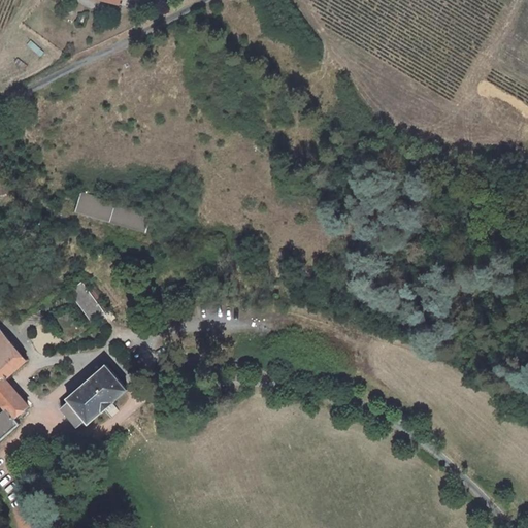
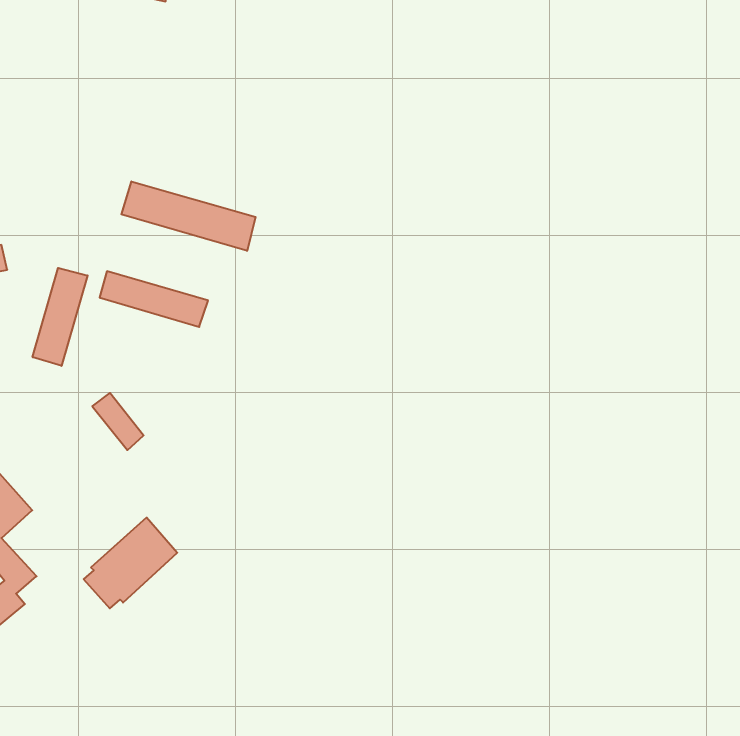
building: none -> [121,181,256,251]
building: none -> [33,268,88,366]

